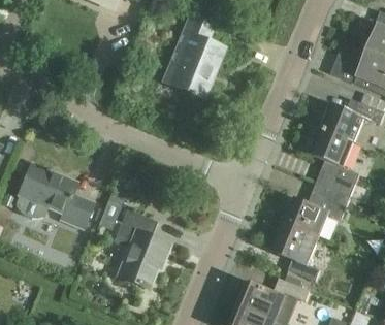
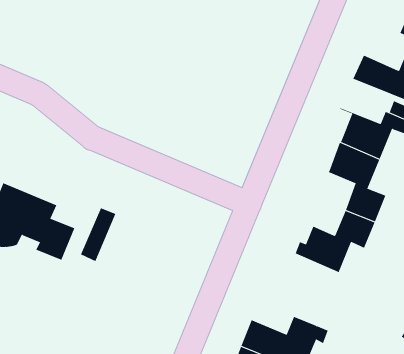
building: [163,13,220,97] -> none
building: [113,208,170,288] -> none
building: [275,223,320,281] -> none

